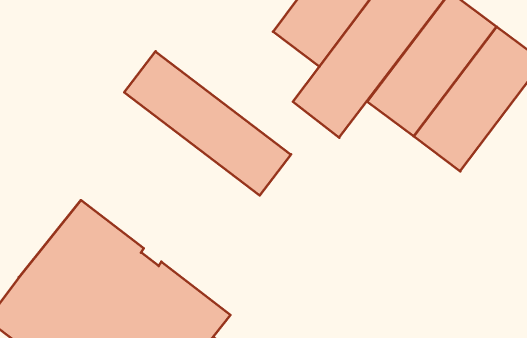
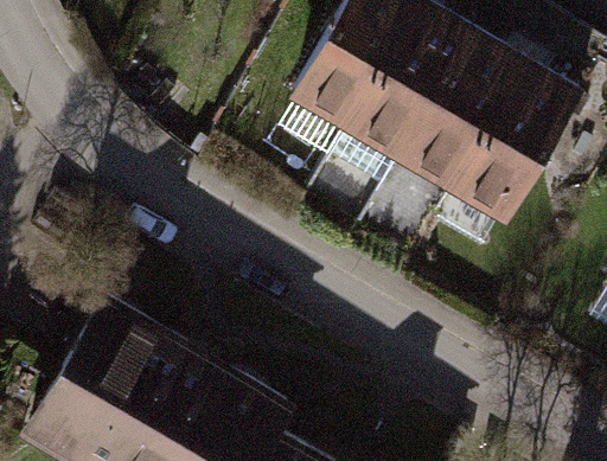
building: [124,51,291,195] -> none

